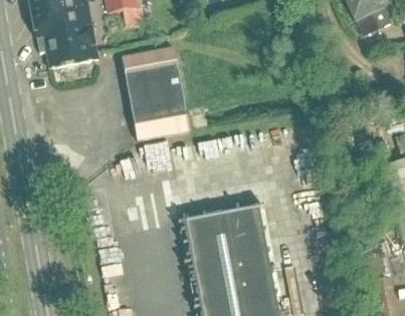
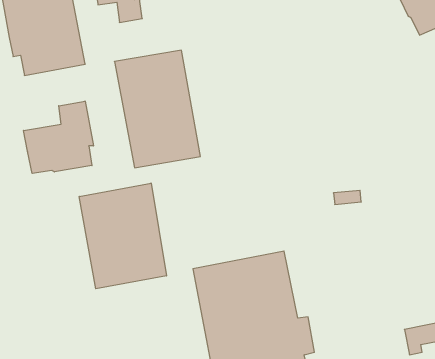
building: none -> [24,101,93,173]
building: none -> [79,183,166,289]

